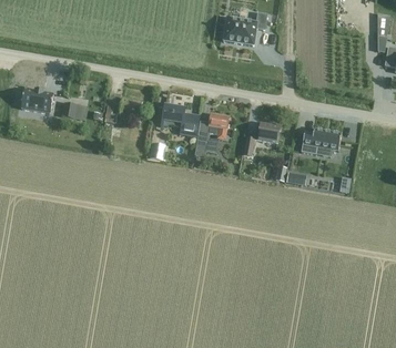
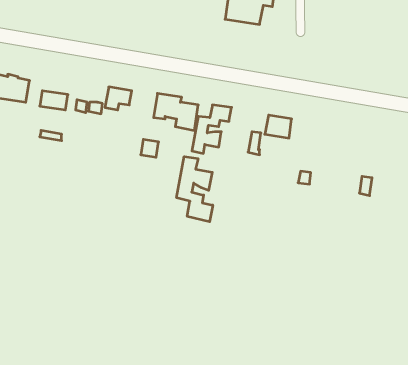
building: [302,129,341,153] -> none
building: none -> [177,157,213,222]

